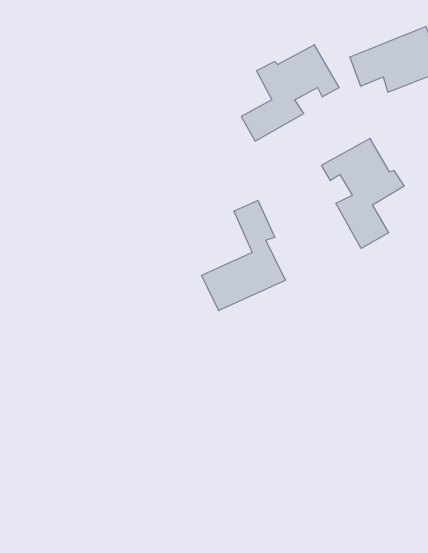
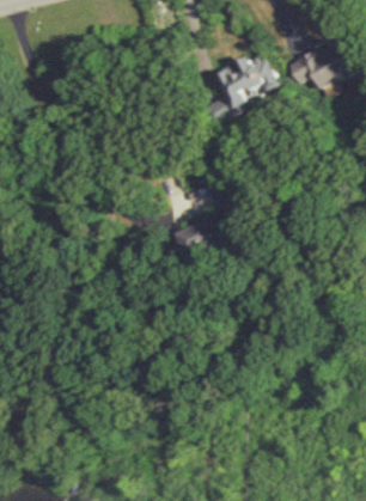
building: [321,138,404,248] -> none

